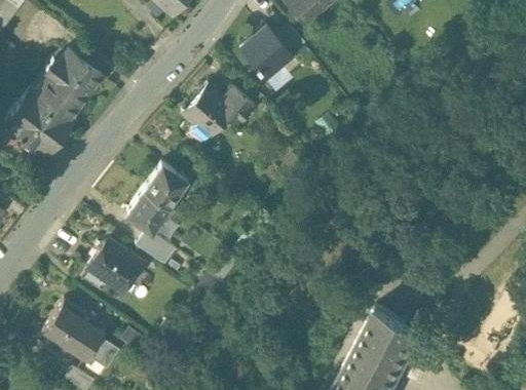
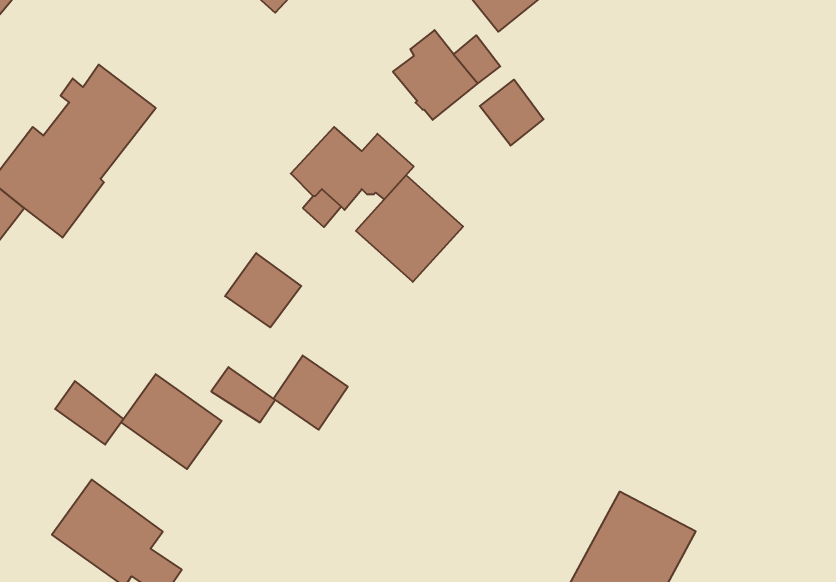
building: none -> [480,80,544,146]
building: none -> [356,175,463,282]
building: [126,186,171,230] -> [273,355,348,430]
building: none -> [55,381,124,445]

